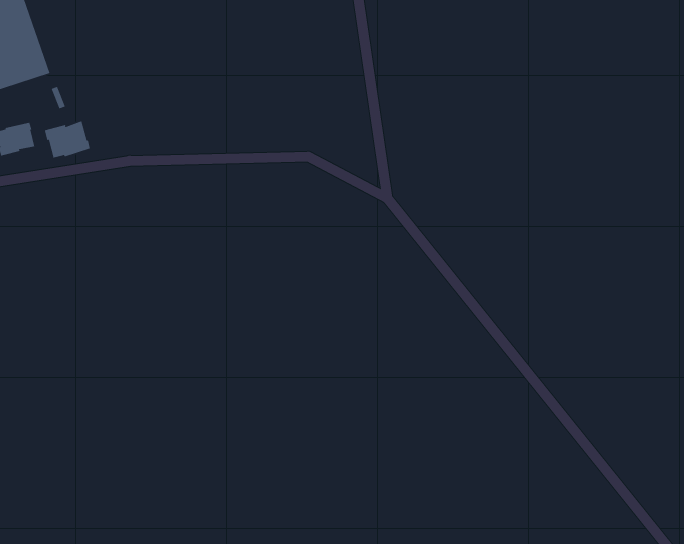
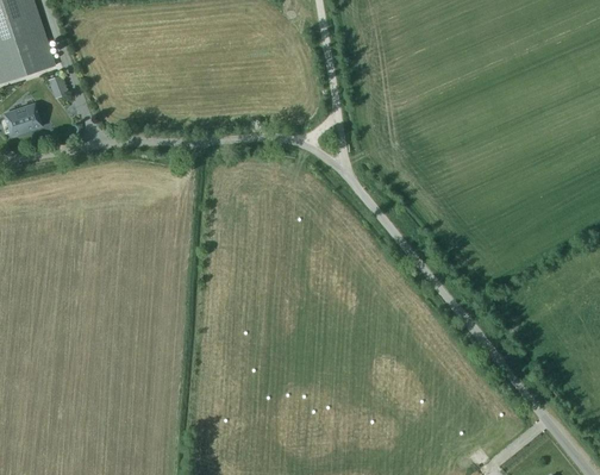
building: [44,120,91,159] -> none

